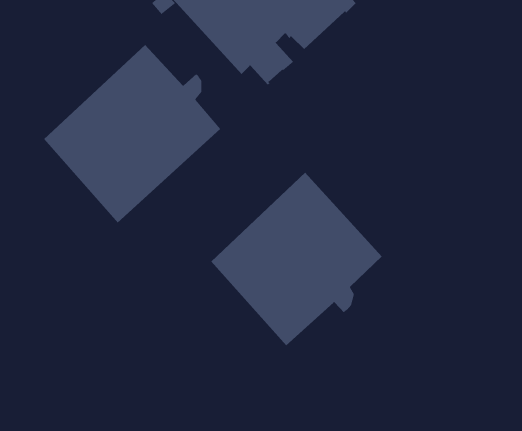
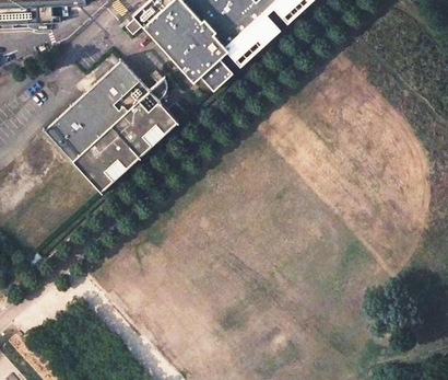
building: [210,172,382,346] -> none

